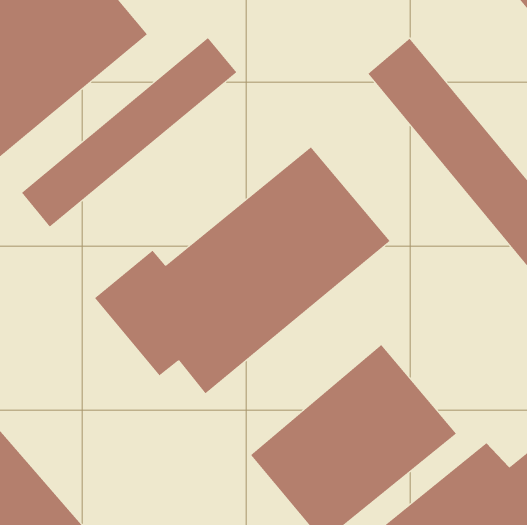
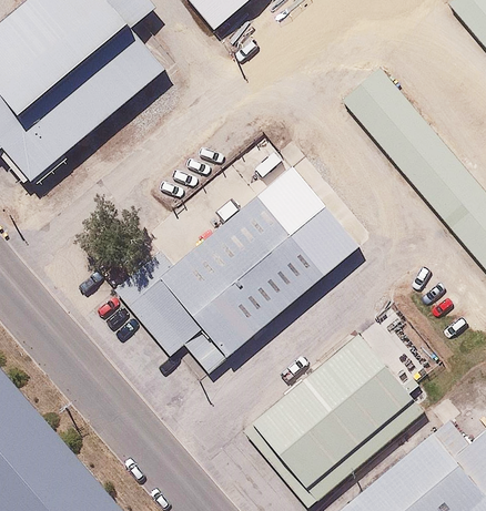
building: [21,37,237,227] -> none

